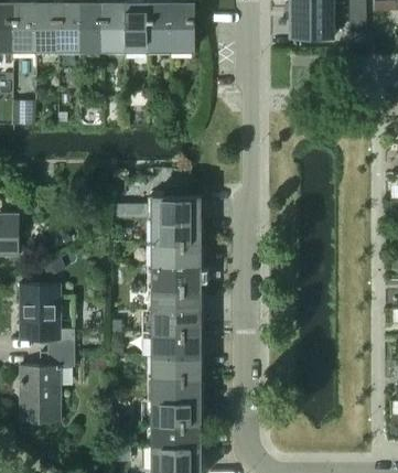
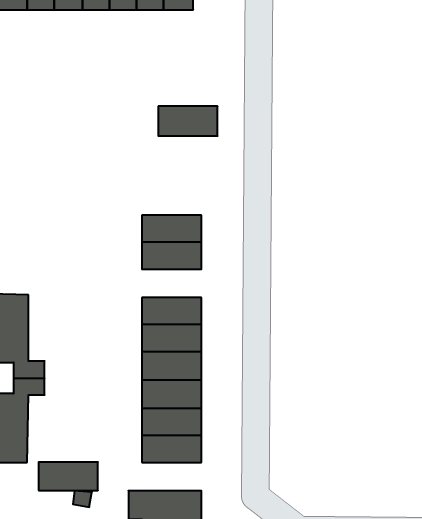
building: [152,197,201,222] -> [158,106,218,136]
building: [152,266,201,289] -> none
building: [152,423,201,447] -> [39,462,98,490]

